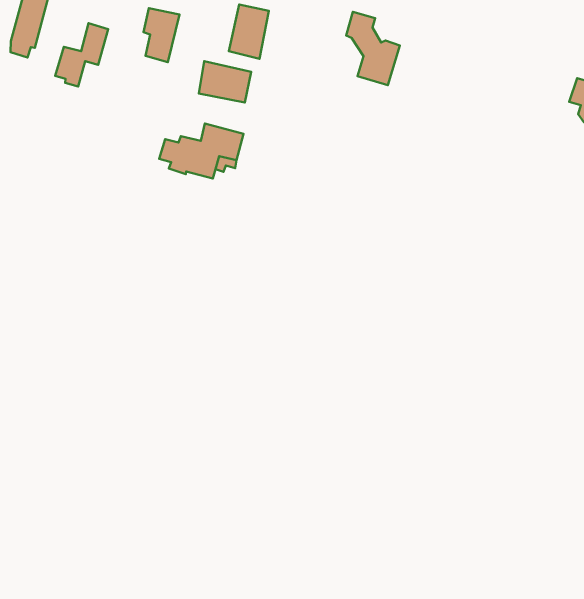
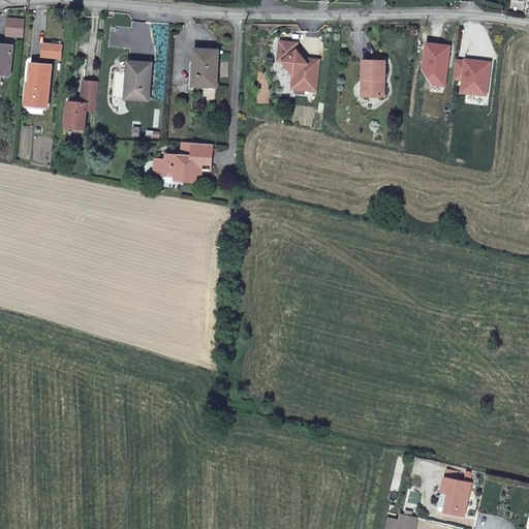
building: none -> [421,44,448,87]
building: none -> [361,60,383,96]
building: [199,61,251,102] -> none

